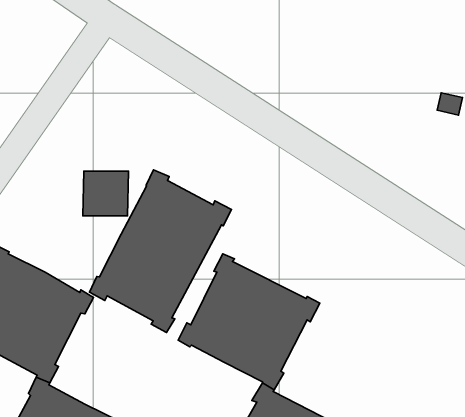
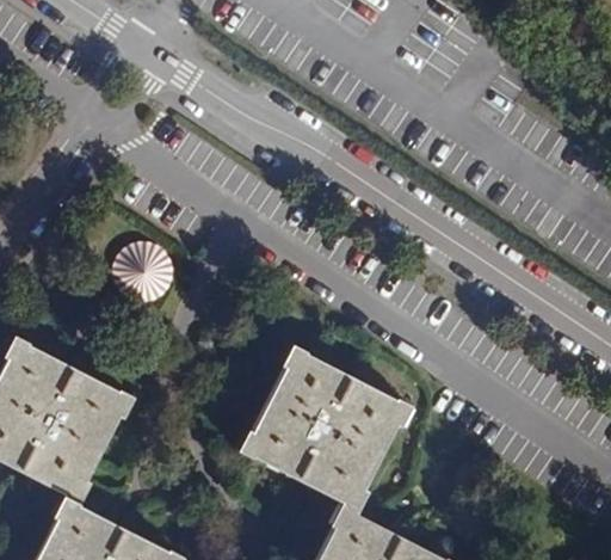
building: [89,170,231,333] -> none

